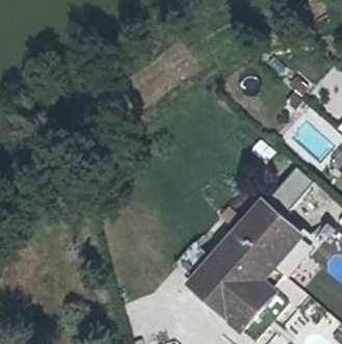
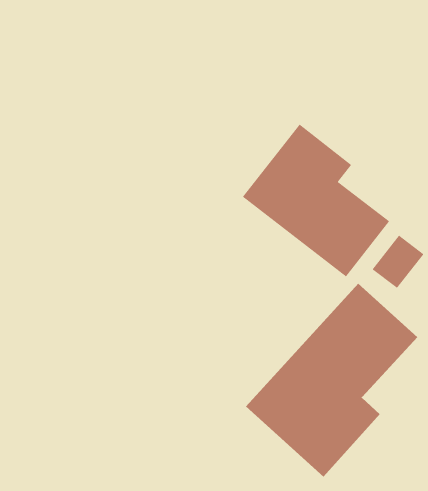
building: none -> [242,123,390,277]

